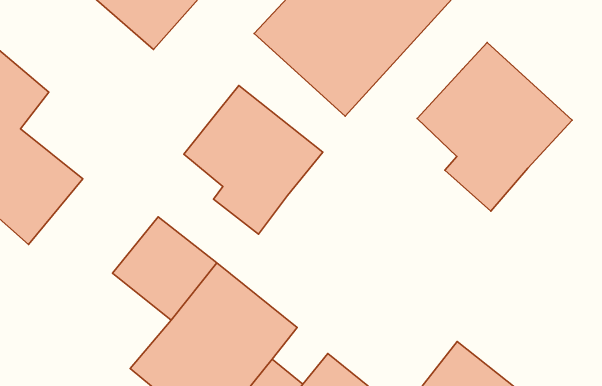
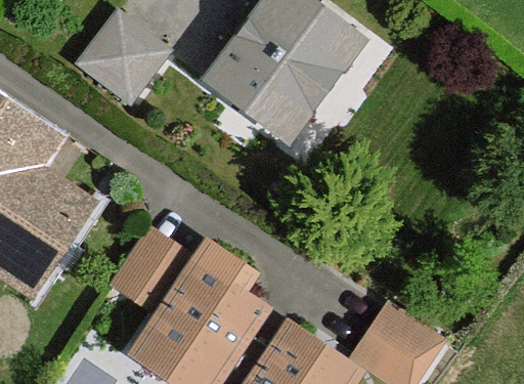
building: [417,43,572,211] -> none
building: [184,86,323,234] -> none

